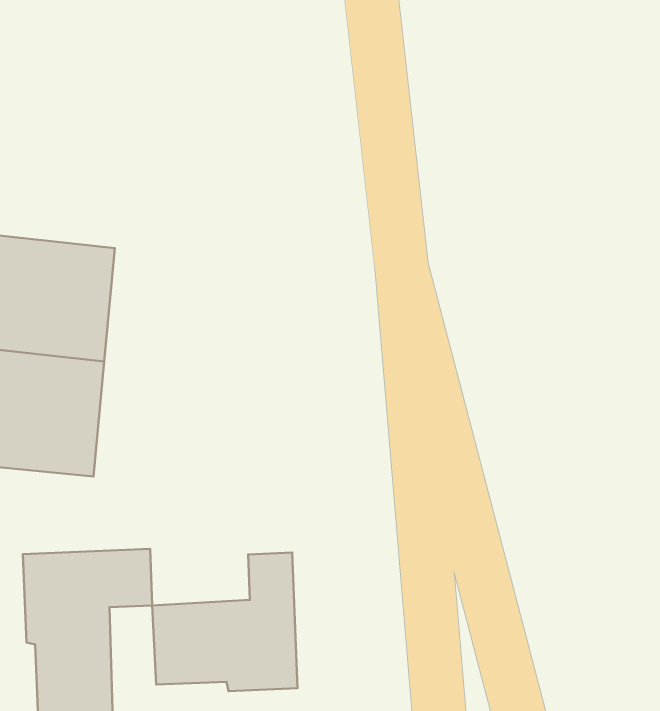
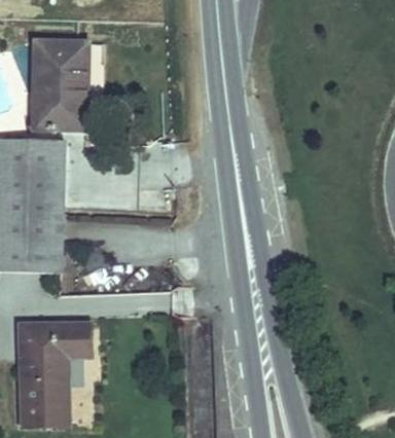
building: none -> [31,47,88,139]
building: [152,552,297,691] -> none

